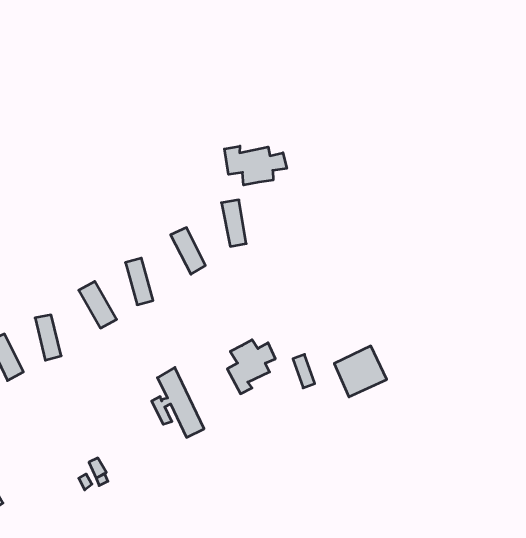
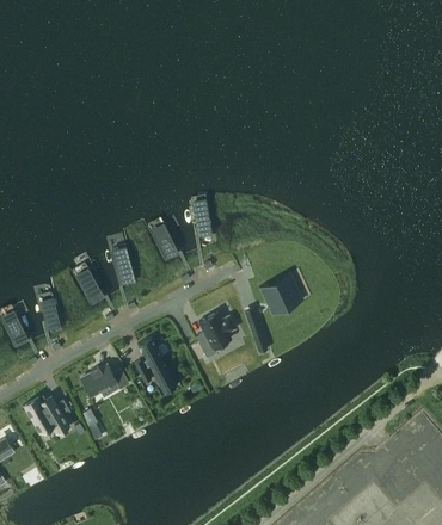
building: [224,146,287,185] -> none
building: [334,346,387,397] -> [259,273,302,315]
building: none -> [85,371,131,402]
building: none -> [23,395,66,430]

